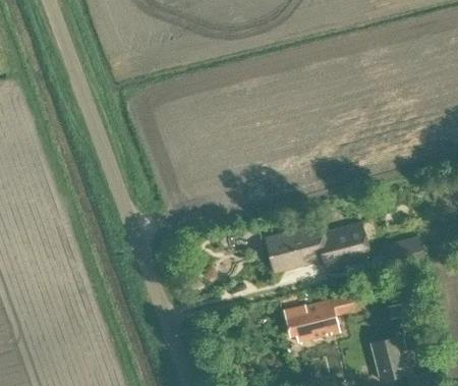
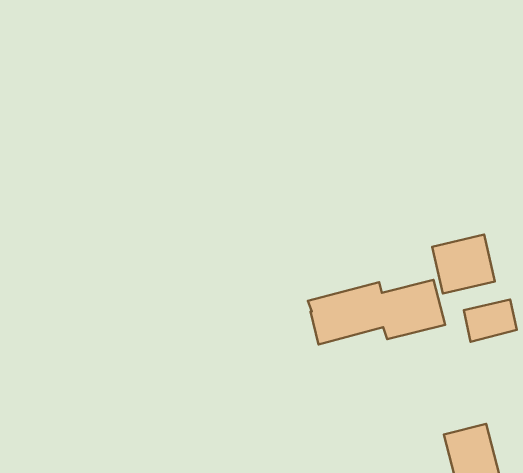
building: none -> [432,235,495,294]
building: [284,292,366,341] -> none

